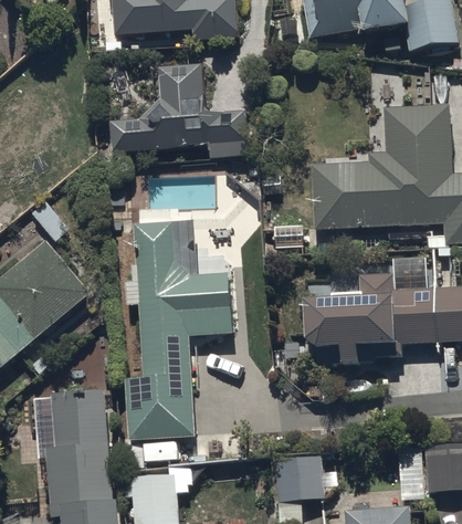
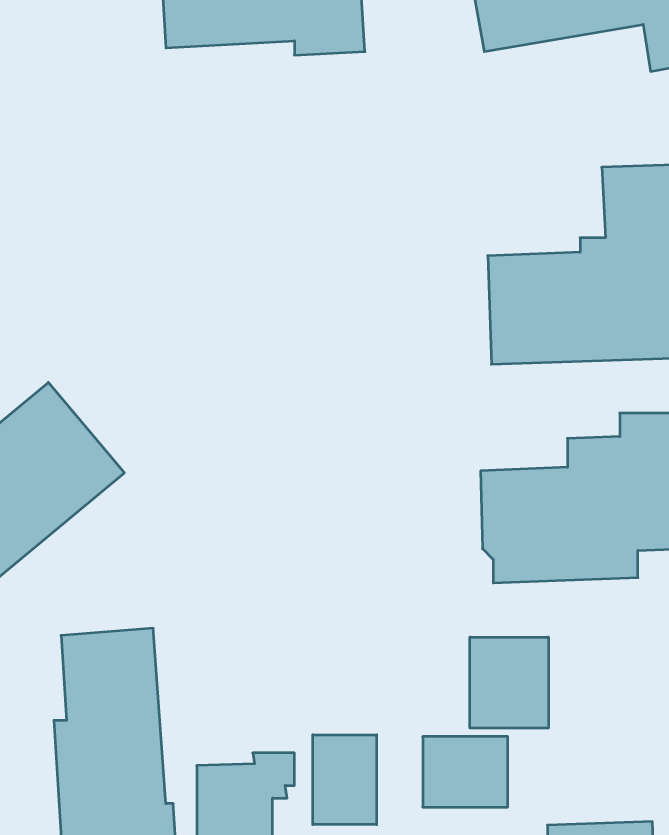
building: [111,62,248,156] -> none
building: [126,220,232,461] -> none
building: none -> [470,637,548,728]
building: none -> [313,735,377,825]

